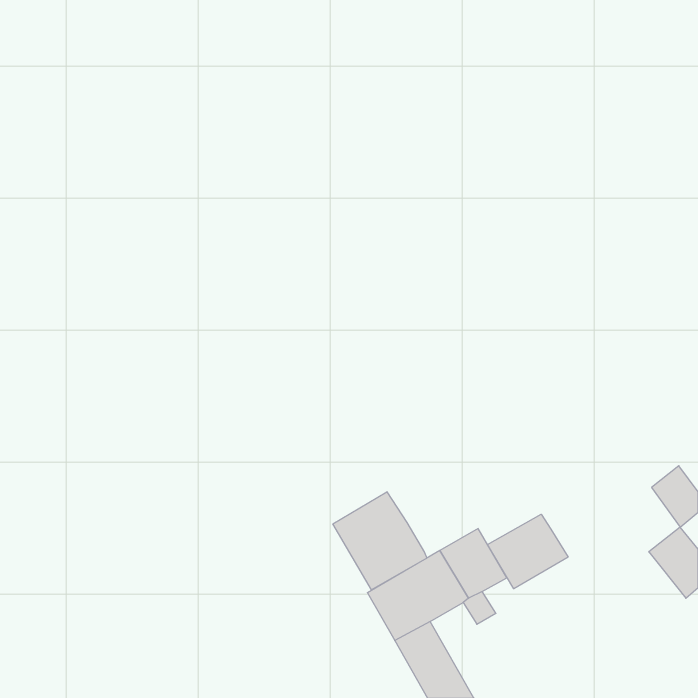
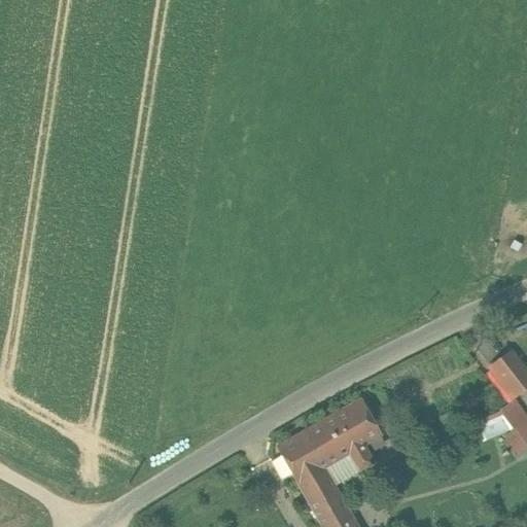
building: [333,492,427,590] -> none
building: [487,514,568,589] -> none

